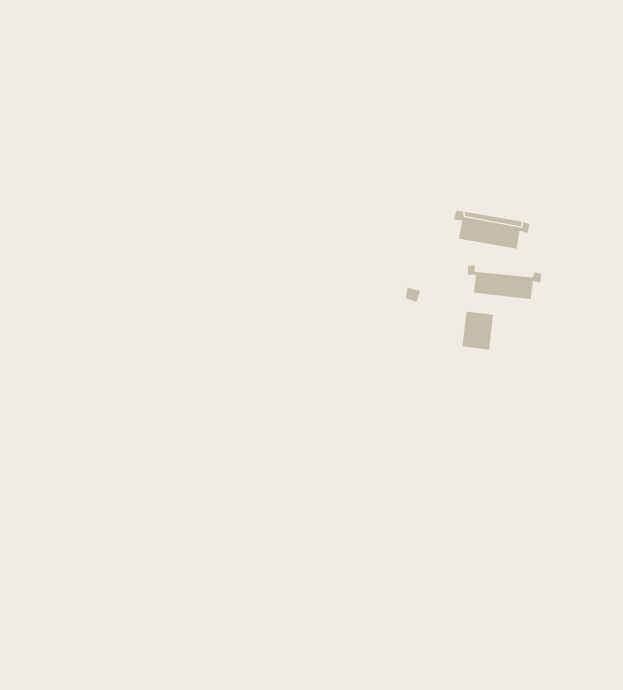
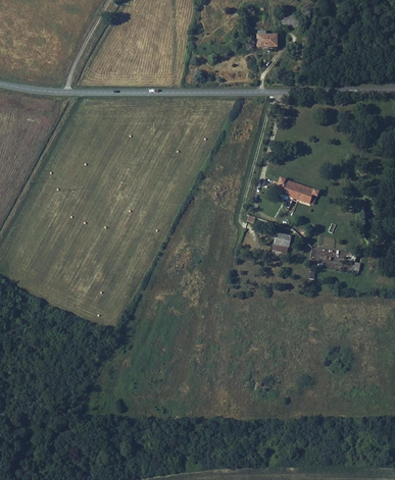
building: [467,265,542,300] -> none

